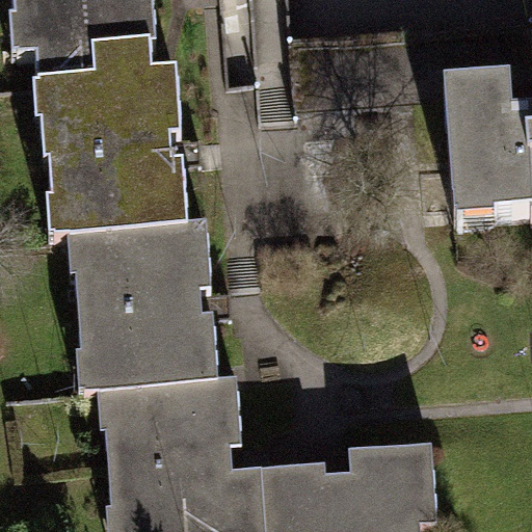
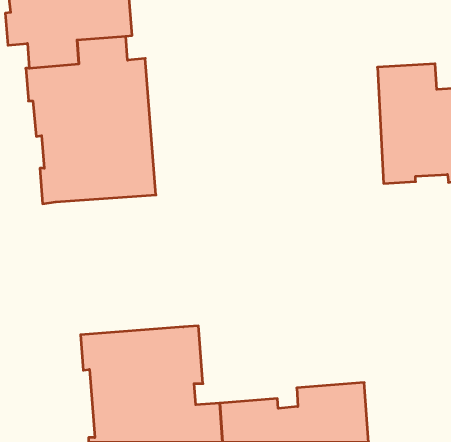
building: [68,227,217,394] -> none

